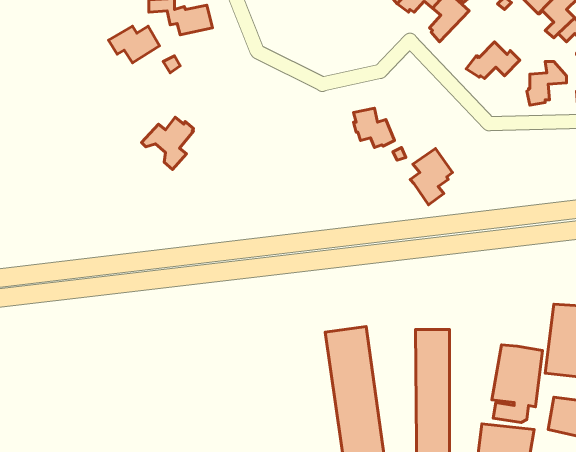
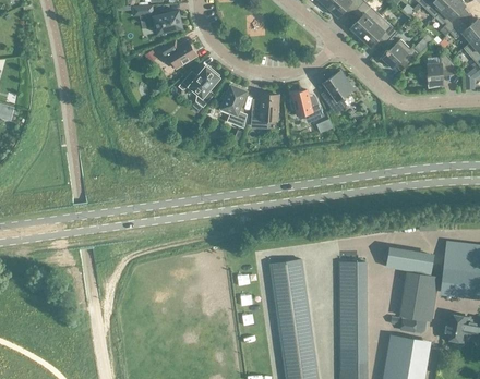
building: none -> [358,15,397,47]
building: [109,26,159,63] -> [157,40,196,69]
building: none -> [220,85,247,127]
building: none -> [251,95,278,125]
building: [141,117,194,169] -> [179,66,219,107]
building: [410,149,452,205] -> [321,71,353,114]
building: none -> [386,246,434,274]

